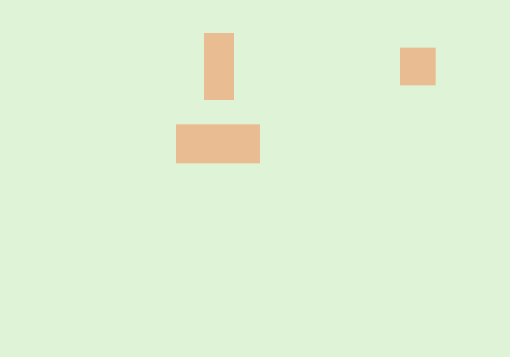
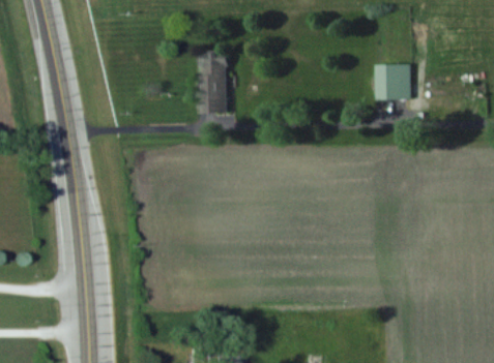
building: [176,124,261,164] -> none

